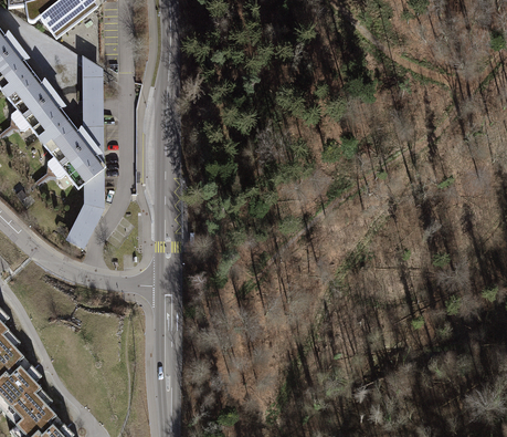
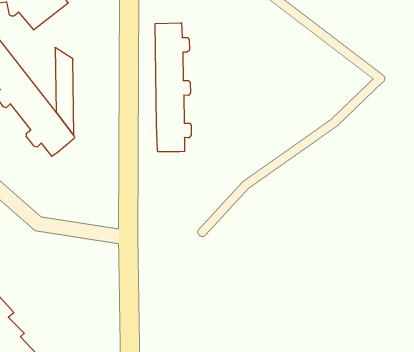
building: none -> [155,23,191,152]
building: [65,165,105,246] -> none

